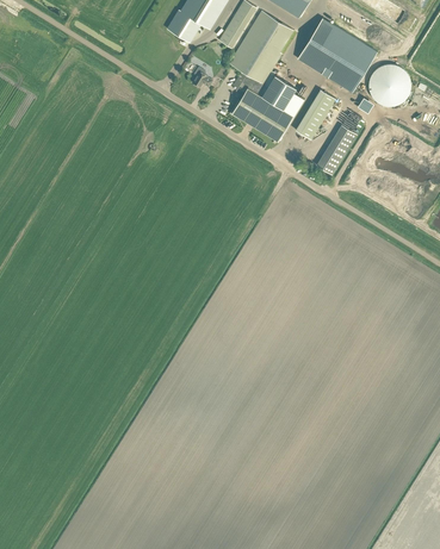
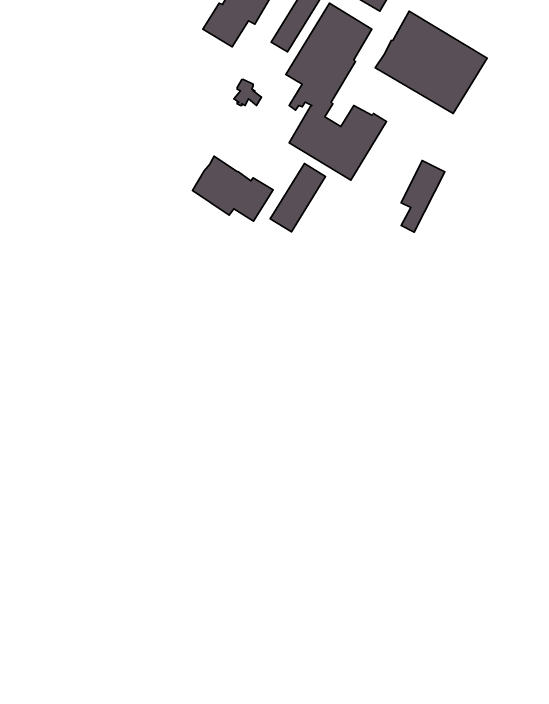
building: [370,64,411,106] -> none
building: [296,88,336,138] -> [270,164,325,232]
building: none -> [193,156,273,221]

